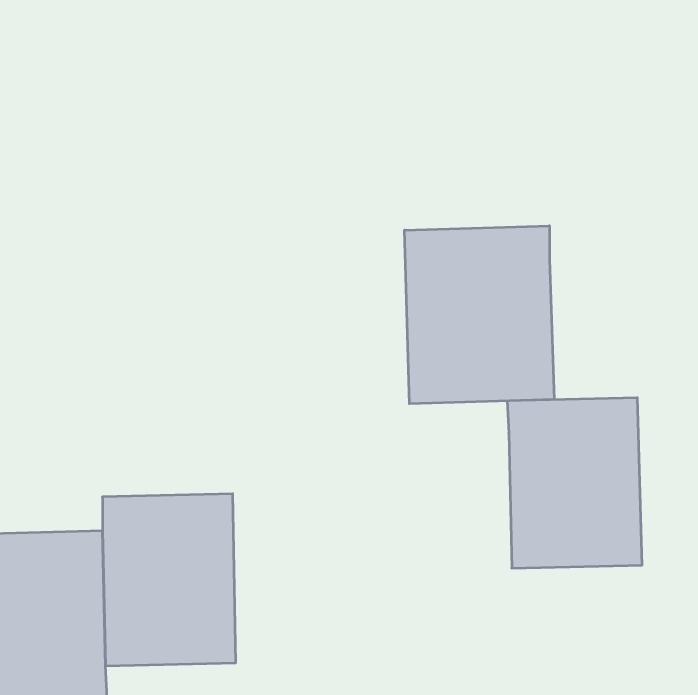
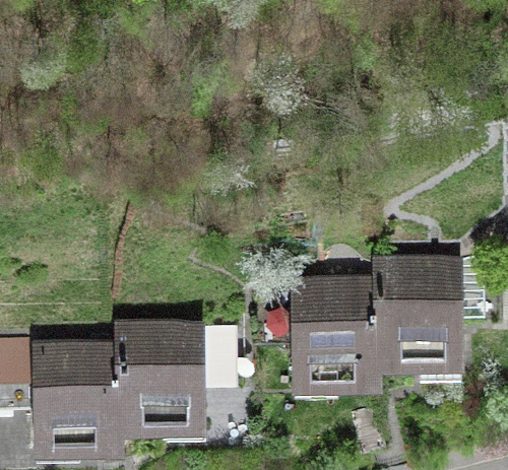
building: [405,226,554,404] -> none
building: none -> [296,284,379,396]

